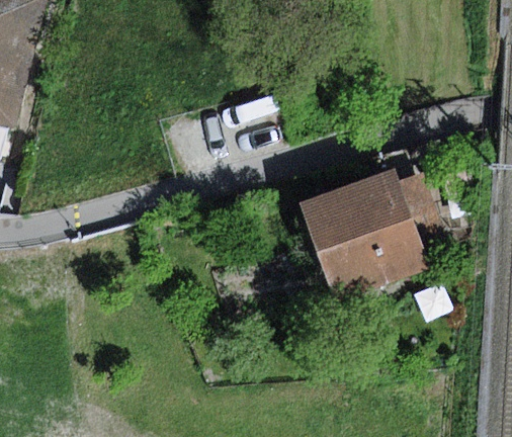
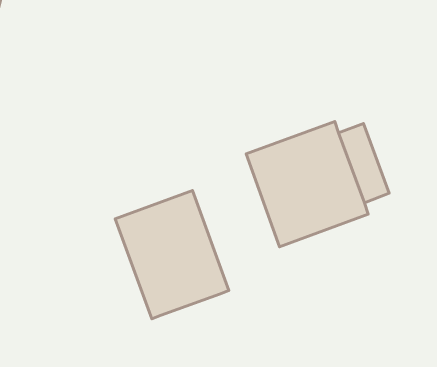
building: none -> [115,190,229,319]

